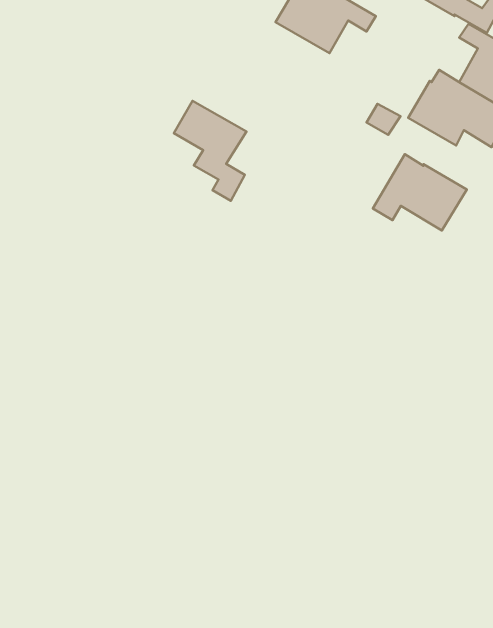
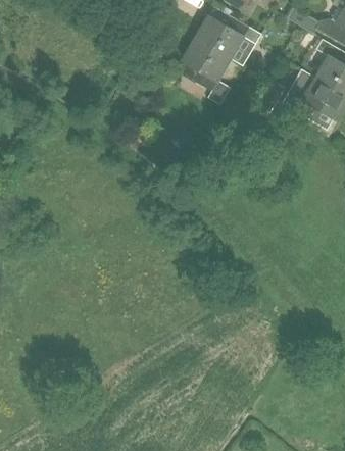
building: [174,101,246,201] -> [183,38,231,104]
building: [373,154,467,230] -> none

